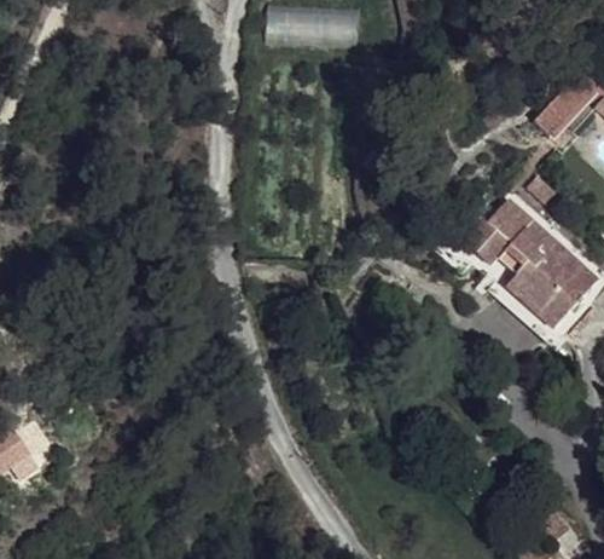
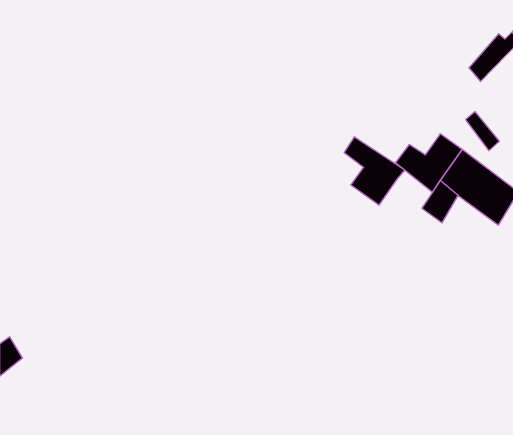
building: none -> [344,137,405,205]
building: [510,269,574,329] -> none

